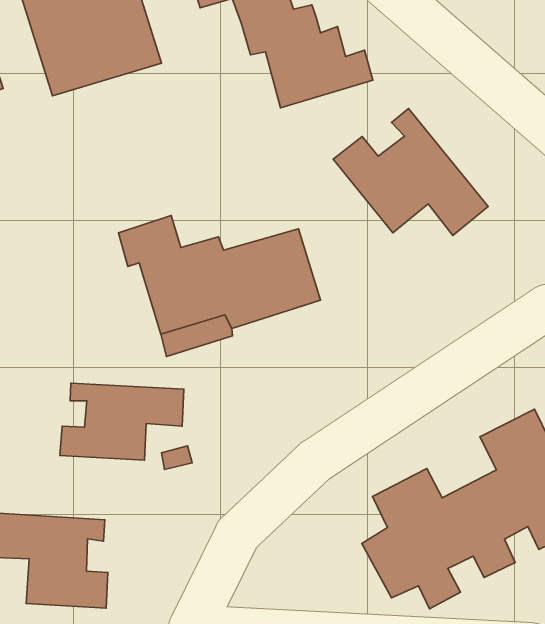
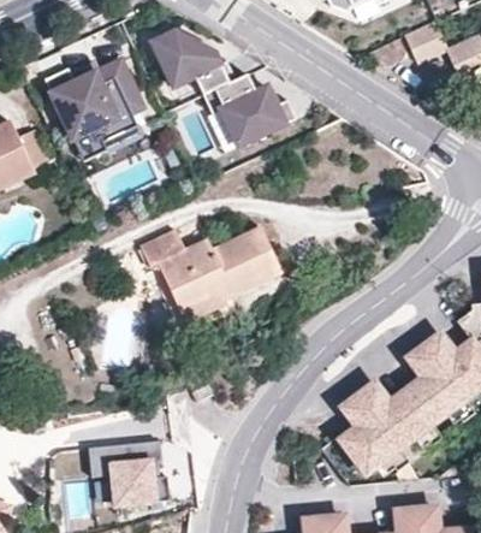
building: [333,108,488,235] -> none
building: [60,383,184,460] -> none

